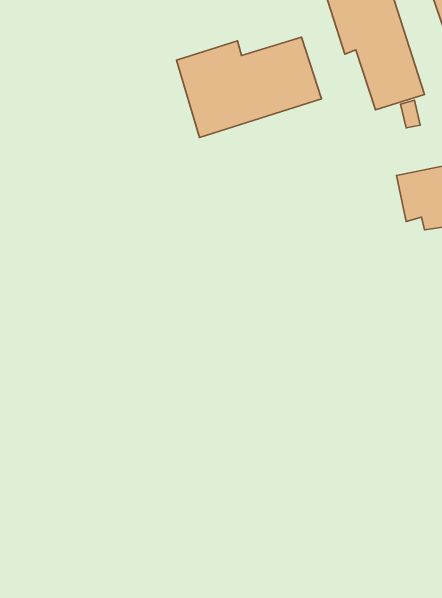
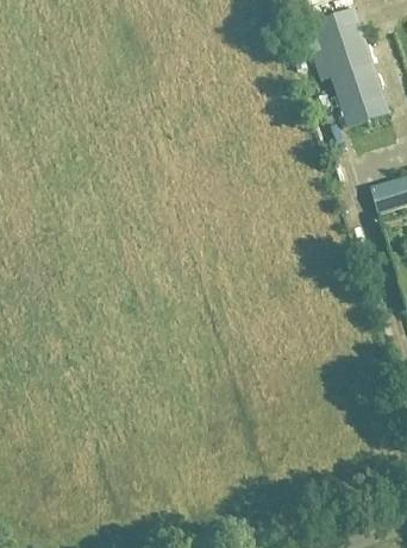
building: [177,37,321,138] -> none

